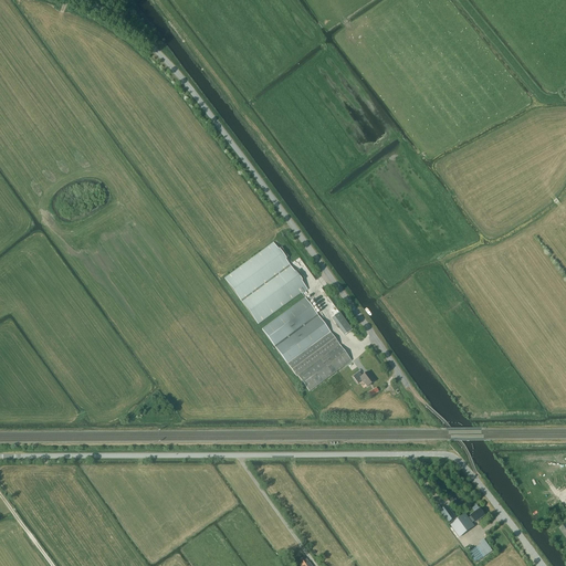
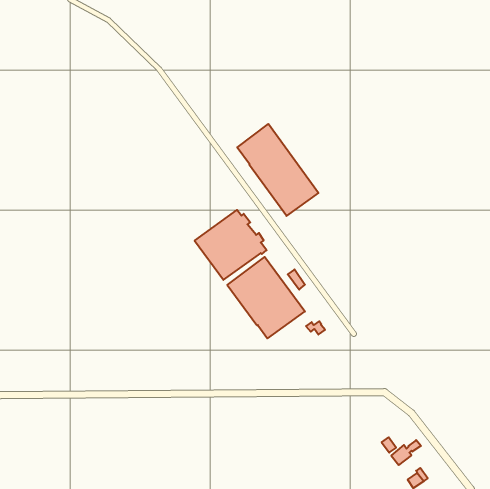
building: none -> [237,124,318,216]

